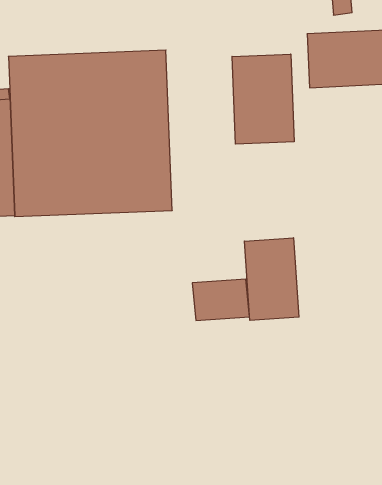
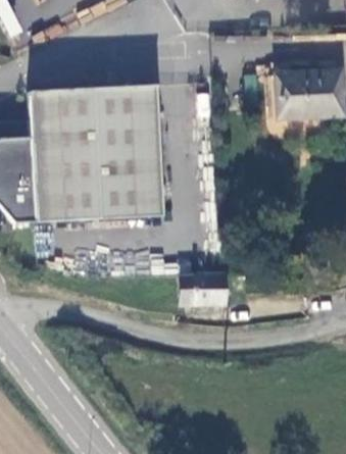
building: [232,54,294,144] -> none
building: [244,238,299,320] -> none

